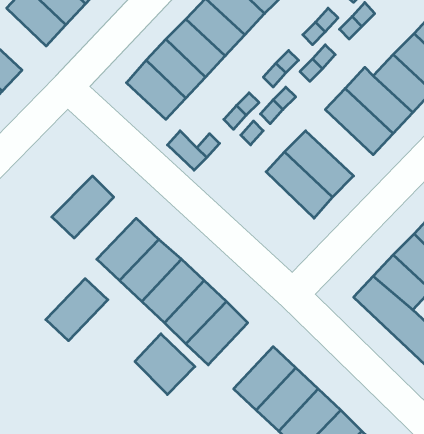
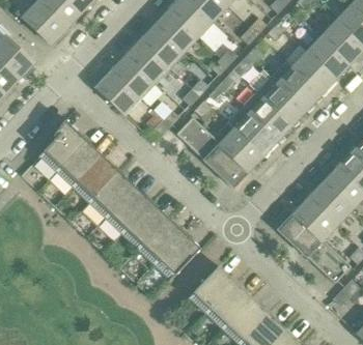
building: none -> [95,71,139,114]
building: none -> [242,91,291,140]
building: none -> [175,116,248,186]
building: none -> [38,120,85,170]
building: [46,279,108,341] -> [72,155,117,201]
building: [135,334,195,395] -> none

